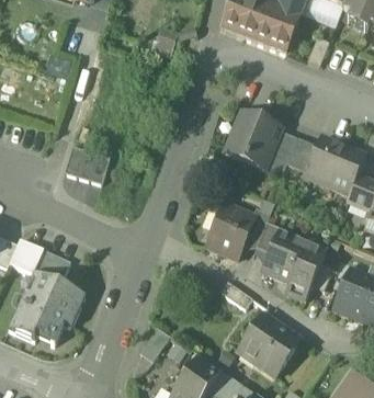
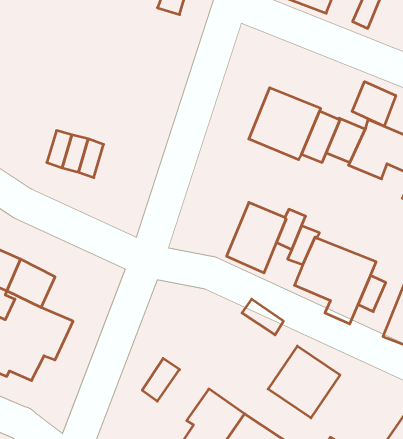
building: none -> [352,82,396,126]

